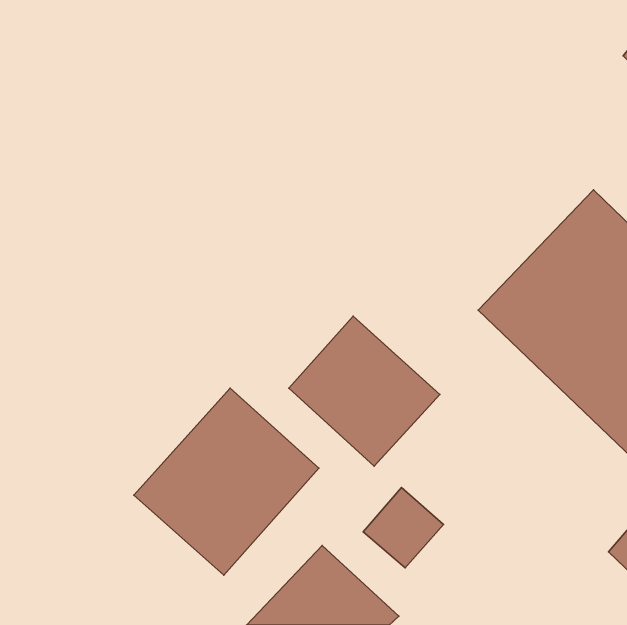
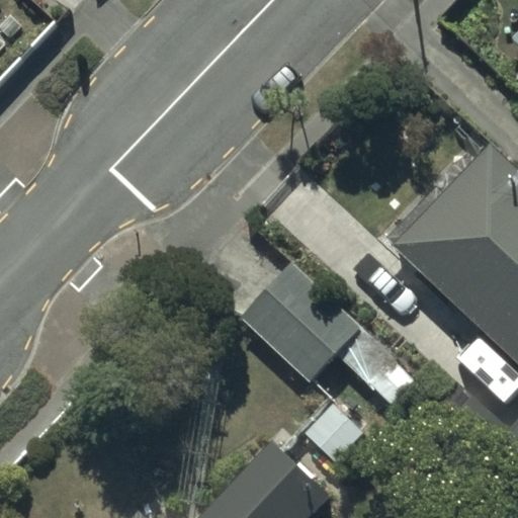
building: [134,388,319,575] -> none

